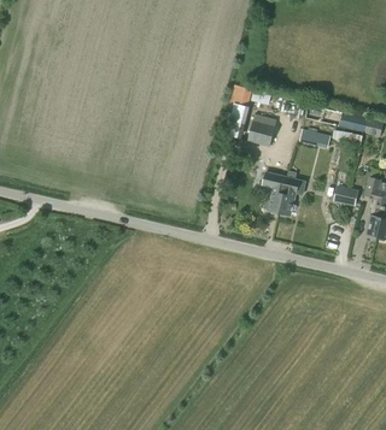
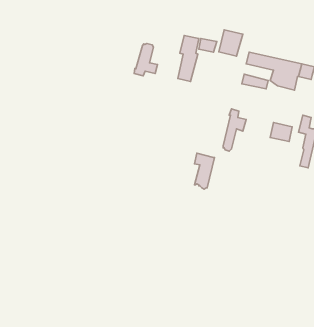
building: none -> [134,44,157,76]
building: [248,114,276,145] -> [219,30,243,56]
building: [264,171,287,212] -> [195,153,215,189]

